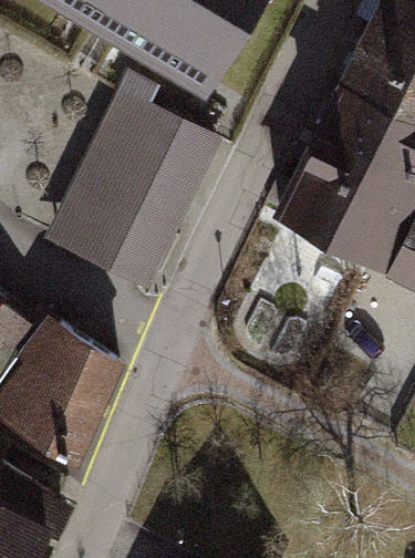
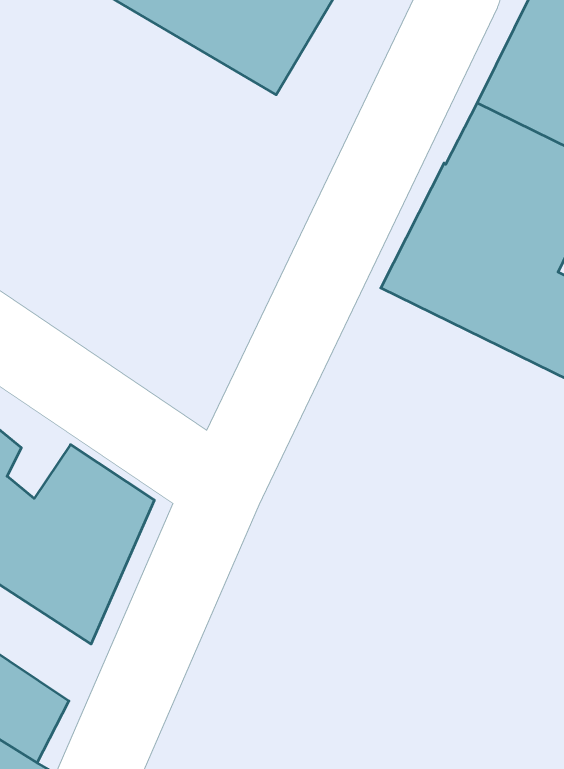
building: [58,96,211,280] -> none

